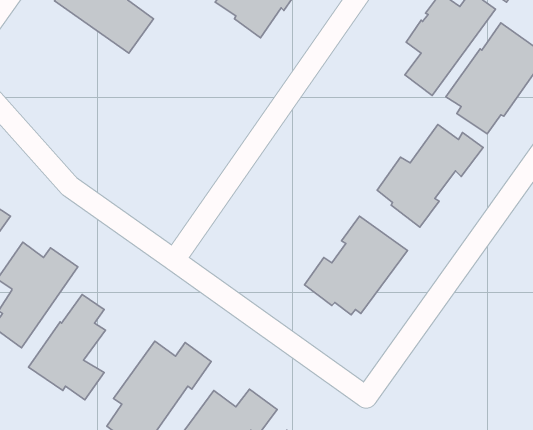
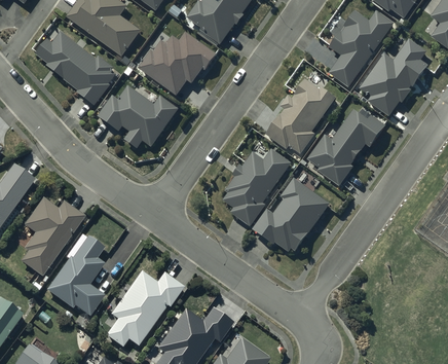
building: none -> [36,31,115,105]
building: none -> [138,32,217,96]
building: none -> [266,79,335,154]
building: none -> [98,85,178,148]
building: none -> [222,139,291,226]

